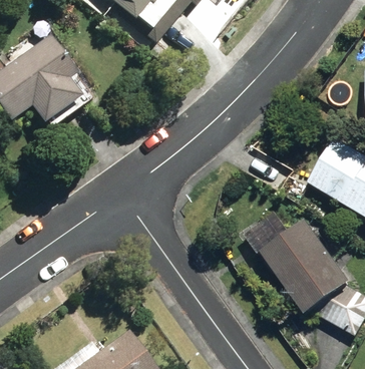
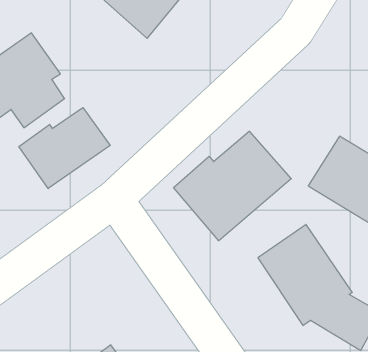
building: none -> [19,108,110,189]
building: none -> [174,131,291,241]

